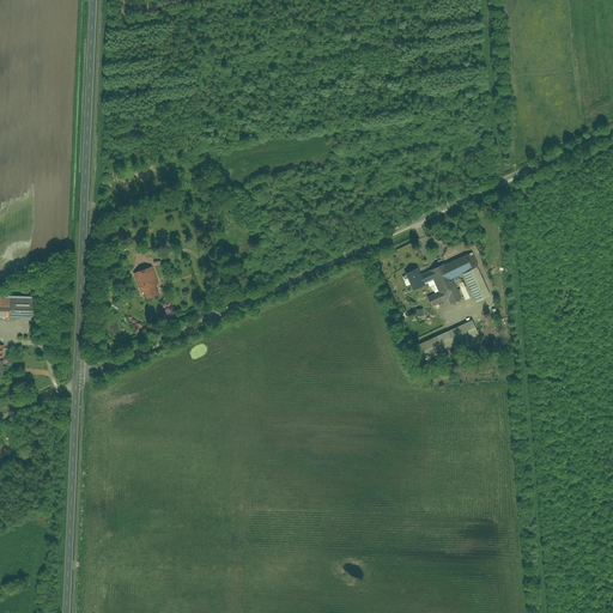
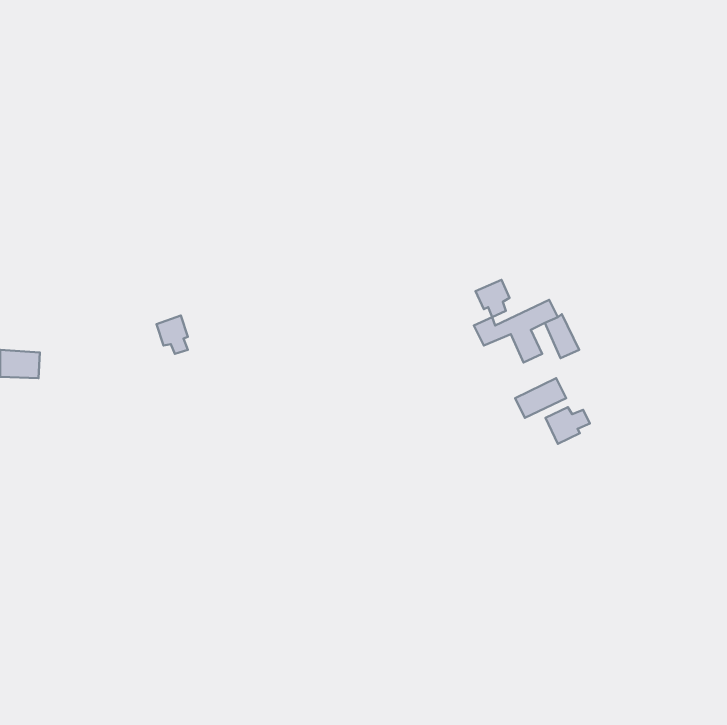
building: none -> [475,280,510,317]
building: none -> [546,407,590,444]

